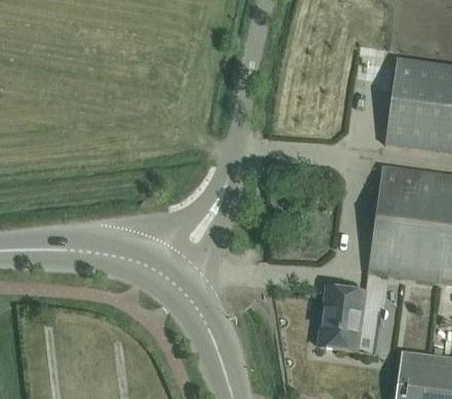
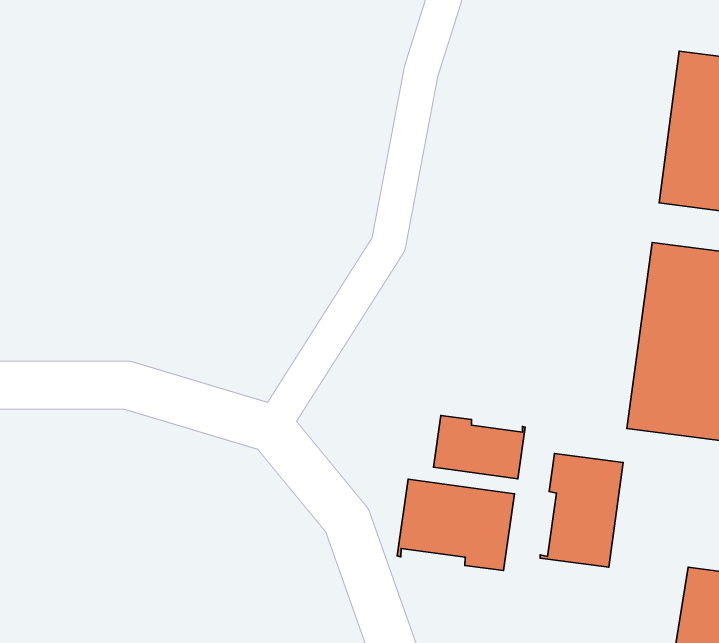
building: none -> [433,416,525,479]
building: none -> [397,479,515,571]

